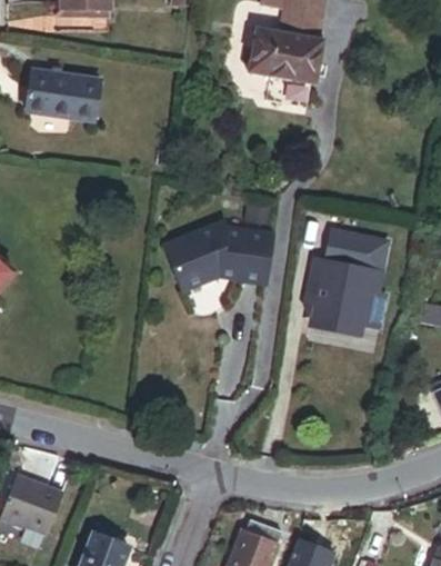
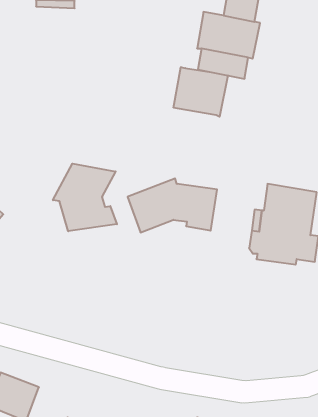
building: [14,70,90,123] -> none
building: none -> [174,67,228,117]
building: none -> [53,164,117,231]

